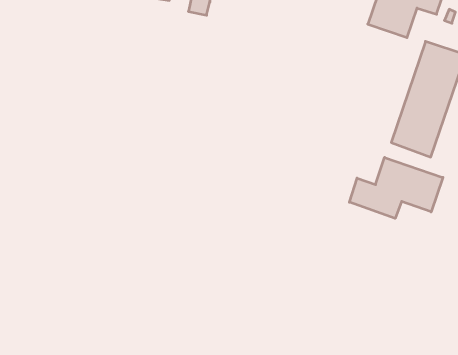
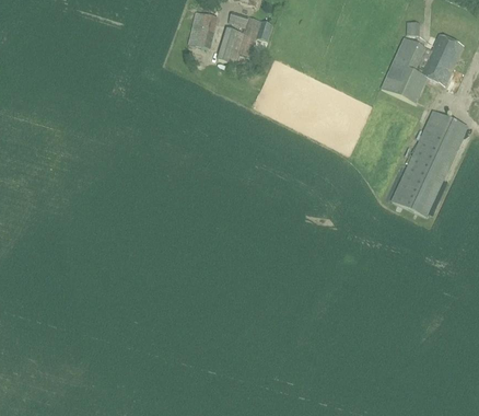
building: [349,157,443,218] -> none

